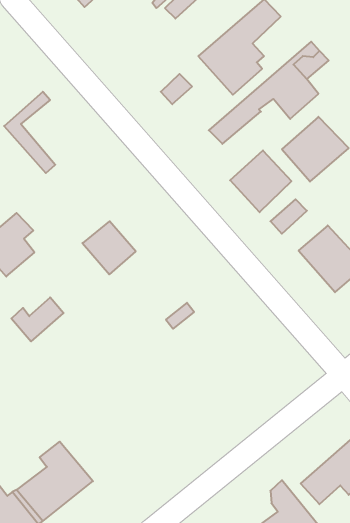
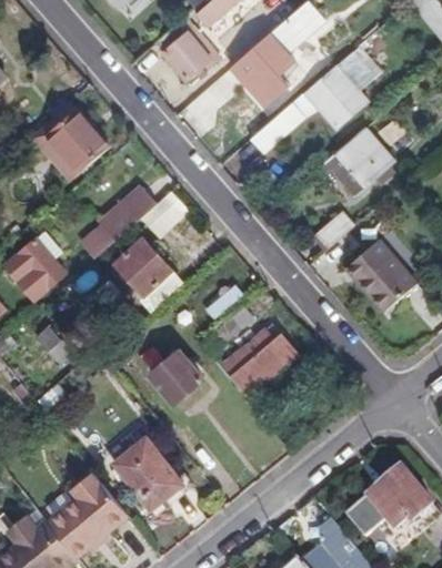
building: none -> [153,20,214,81]
building: none -> [48,109,115,178]
building: [230,150,291,212] -> none
building: none -> [100,185,157,239]
building: none -> [222,327,297,394]
building: none -> [151,348,205,403]
building: none -> [113,443,178,510]

